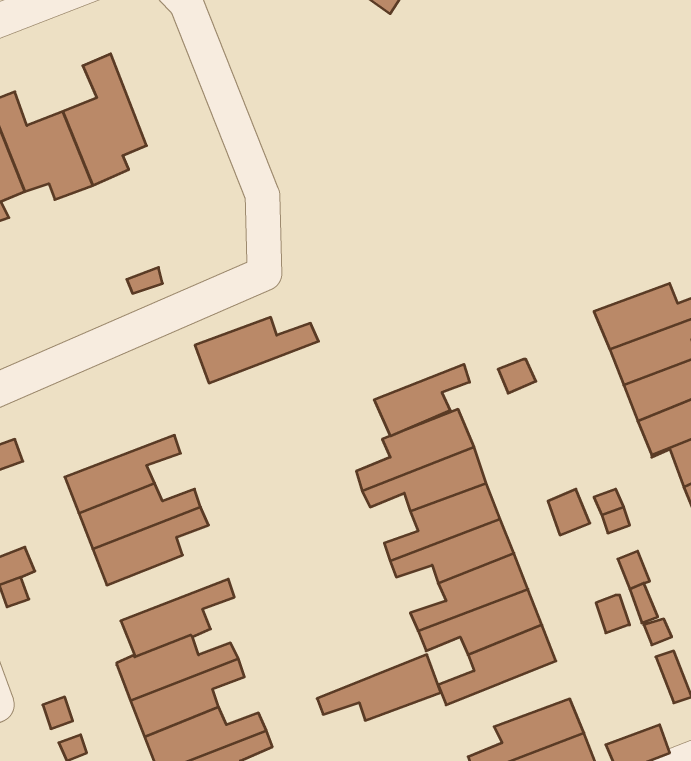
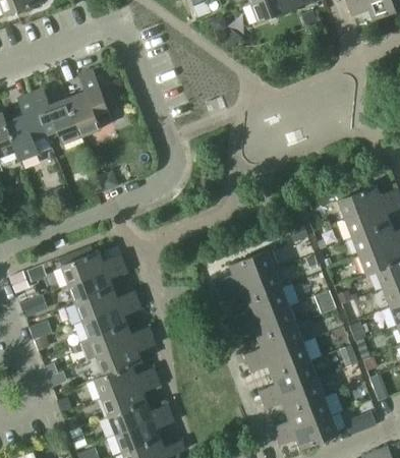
building: [195,317,319,383] -> [61,250,124,284]
building: [374,364,470,436] -> none
building: none -> [80,324,152,360]
building: [317,655,441,720] -> [263,378,326,411]

